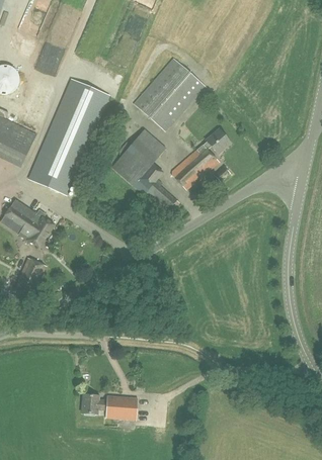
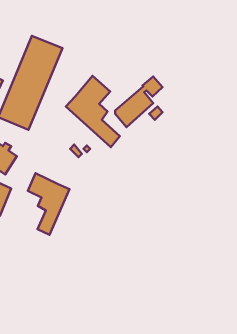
building: [134,58,205,130] -> none
building: none -> [28,173,70,235]
building: [81,393,138,419] -> none

